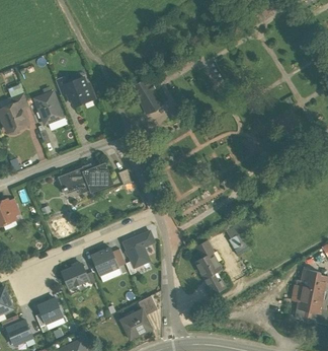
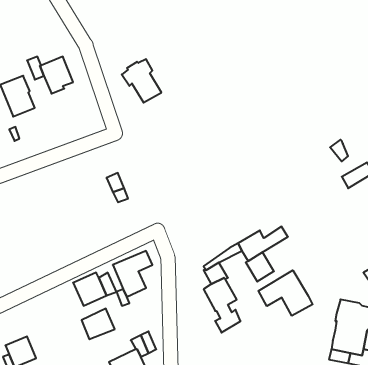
building: [59,164,111,193] -> none
building: none -> [258,270,313,316]
building: [62,264,88,288] -> [82,309,115,339]

